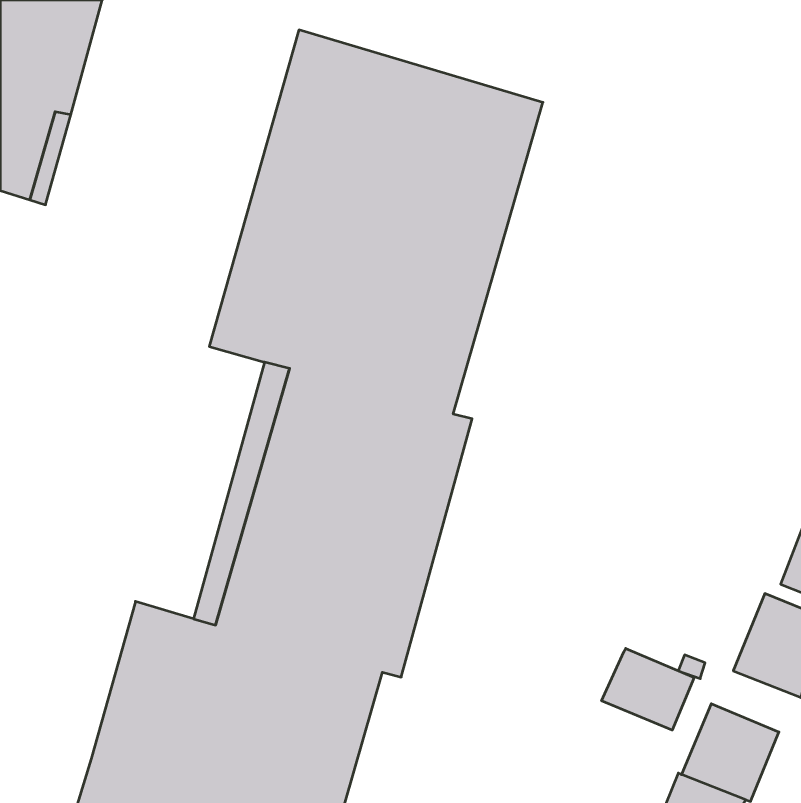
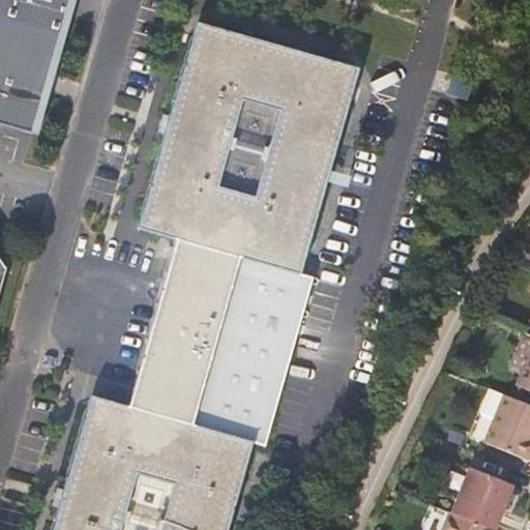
building: [602,648,694,730] -> none

